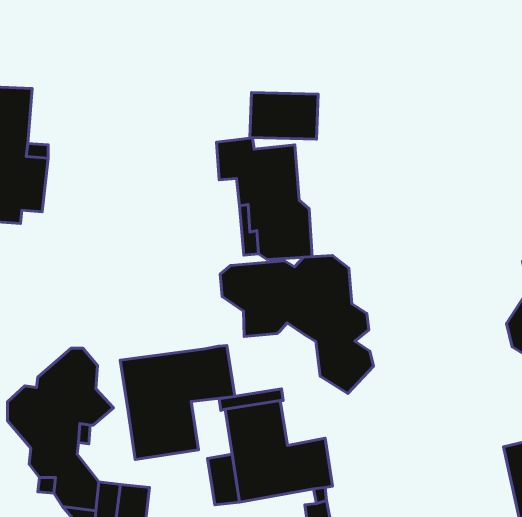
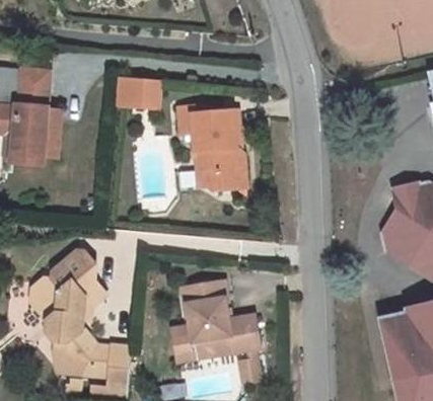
building: [250,93,318,139] -> [115,76,162,108]
building: [220,255,373,394] -> none
building: [120,345,235,459] -> none

